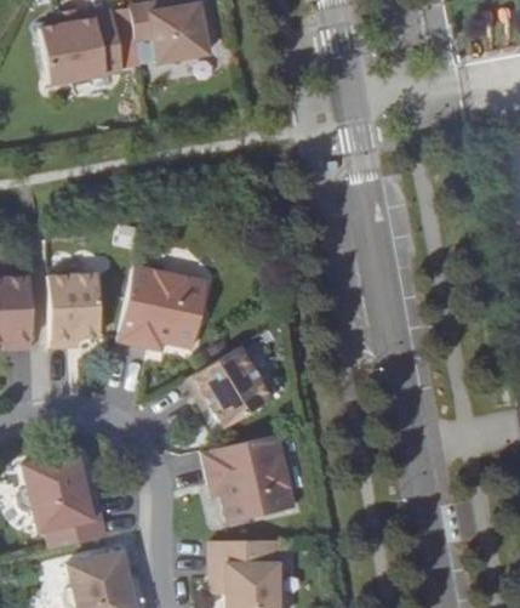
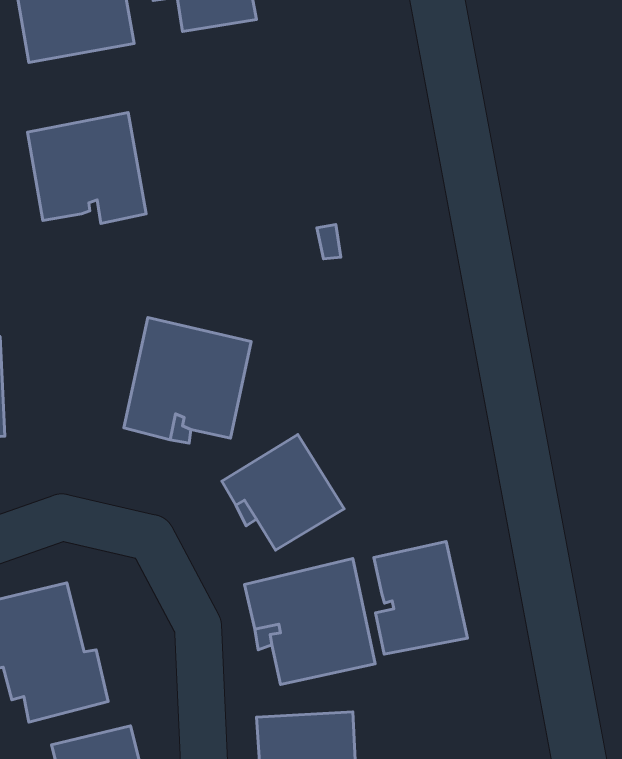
building: none -> [27,113,146,224]
building: [48,275,101,348] -> none
building: none -> [374,542,467,654]

